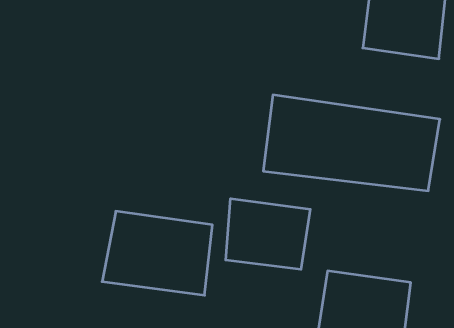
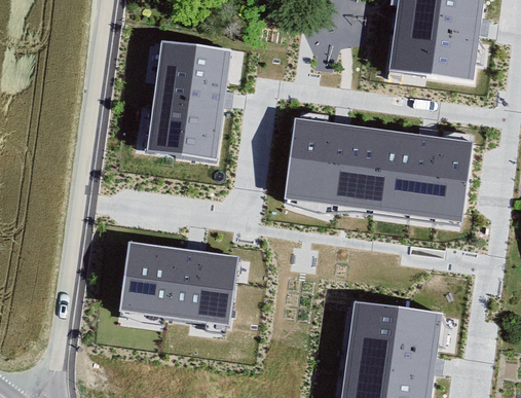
building: none -> [142,38,230,160]
building: [226,199,310,269] -> none

